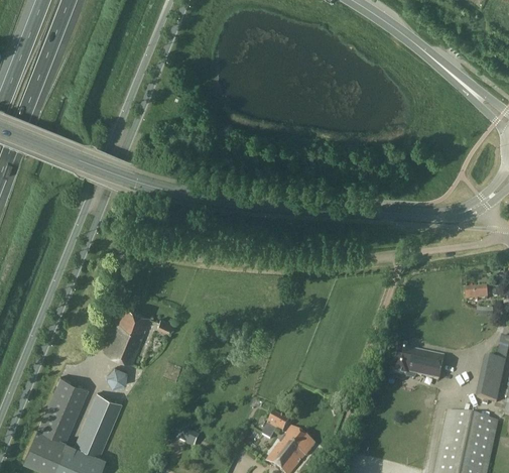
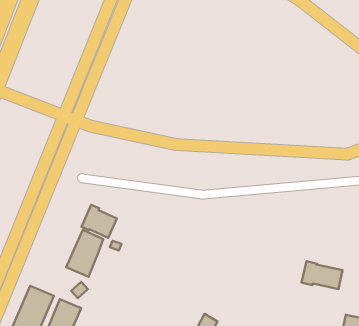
building: none -> [81,205,117,238]

